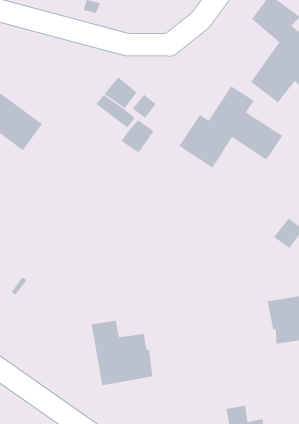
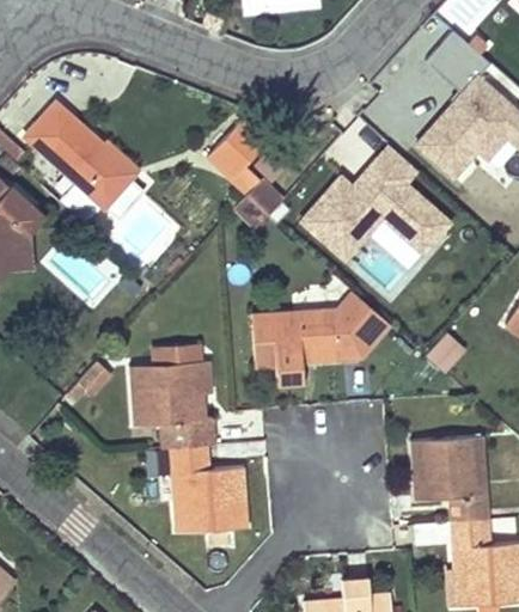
building: none -> [252,290,391,385]
building: none -> [133,361,215,448]

